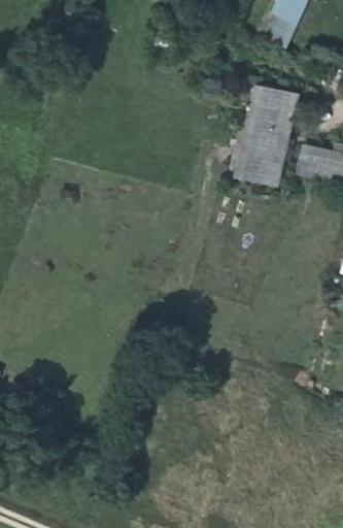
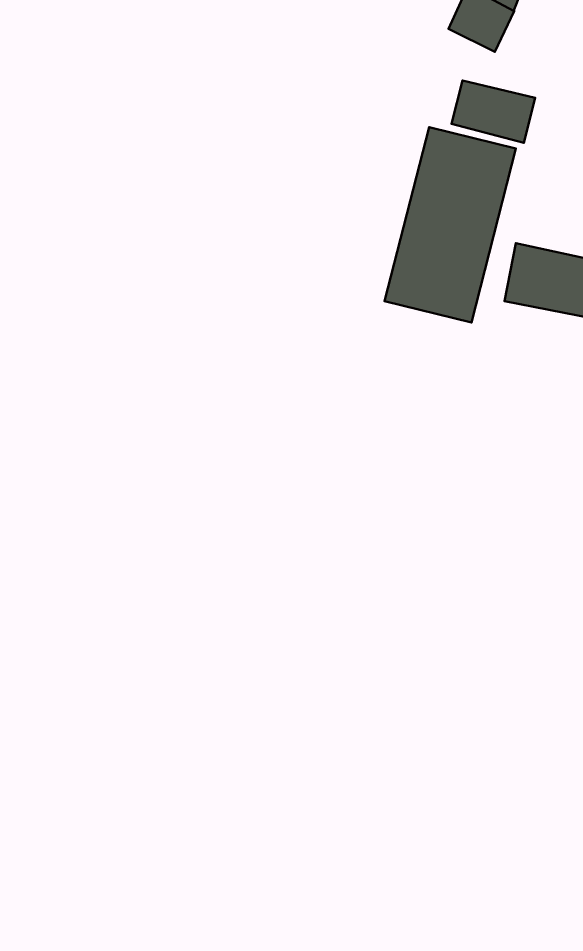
building: none -> [452,80,535,143]

